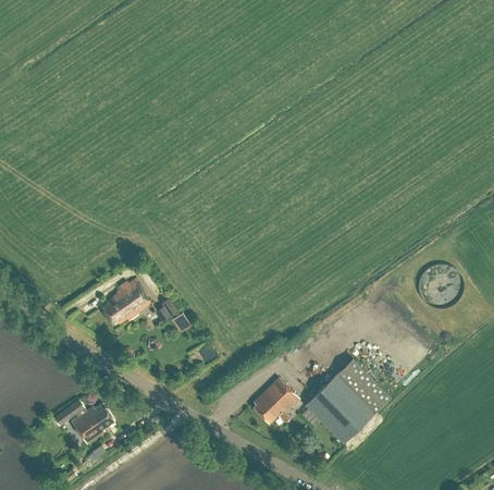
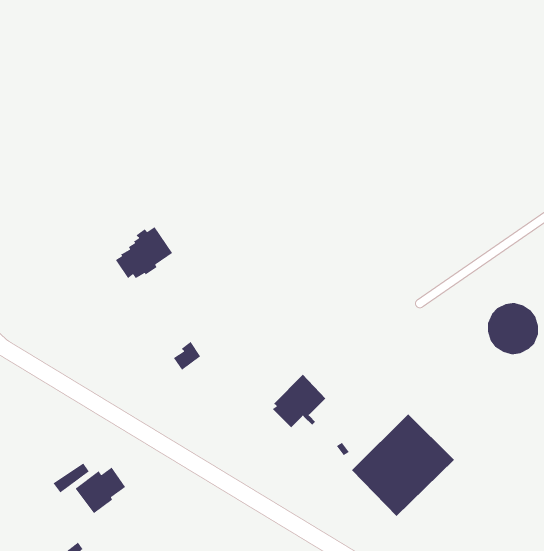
building: [102,279,151,323] -> [115,226,173,279]
building: [252,379,298,425] -> [272,374,326,428]

